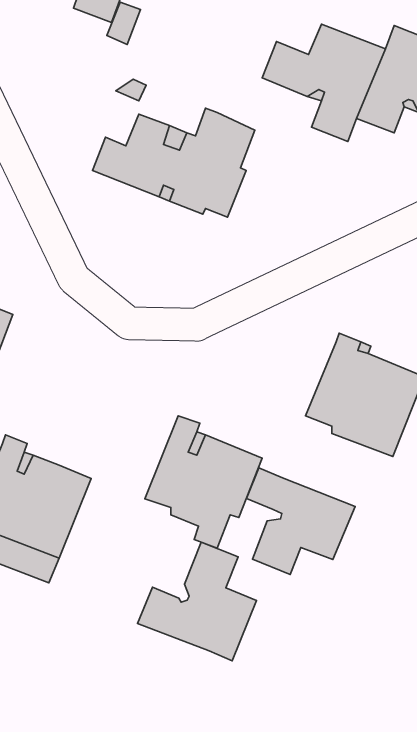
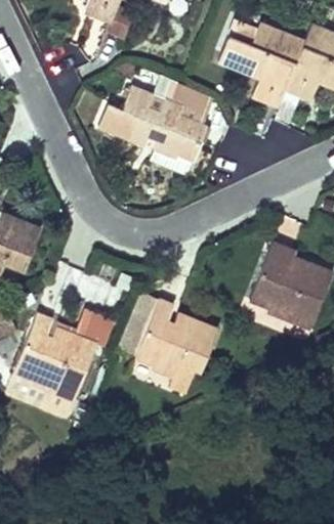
building: none -> [74,311,113,347]
building: [246,468,355,574] -> none
building: [137,542,257,661] -> none

